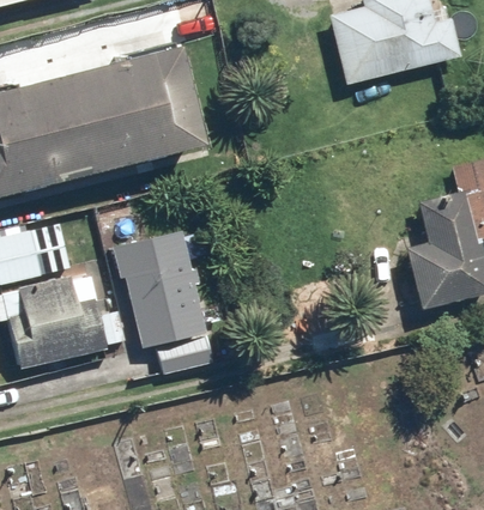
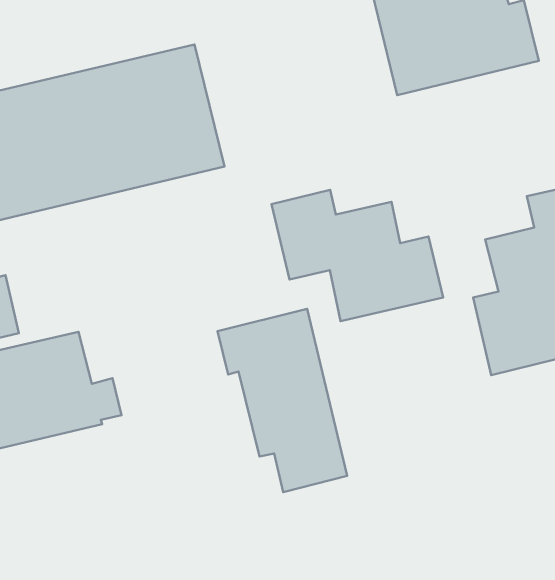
building: none -> [272,190,443,321]
building: [109,227,213,375] -> [218,309,347,492]

